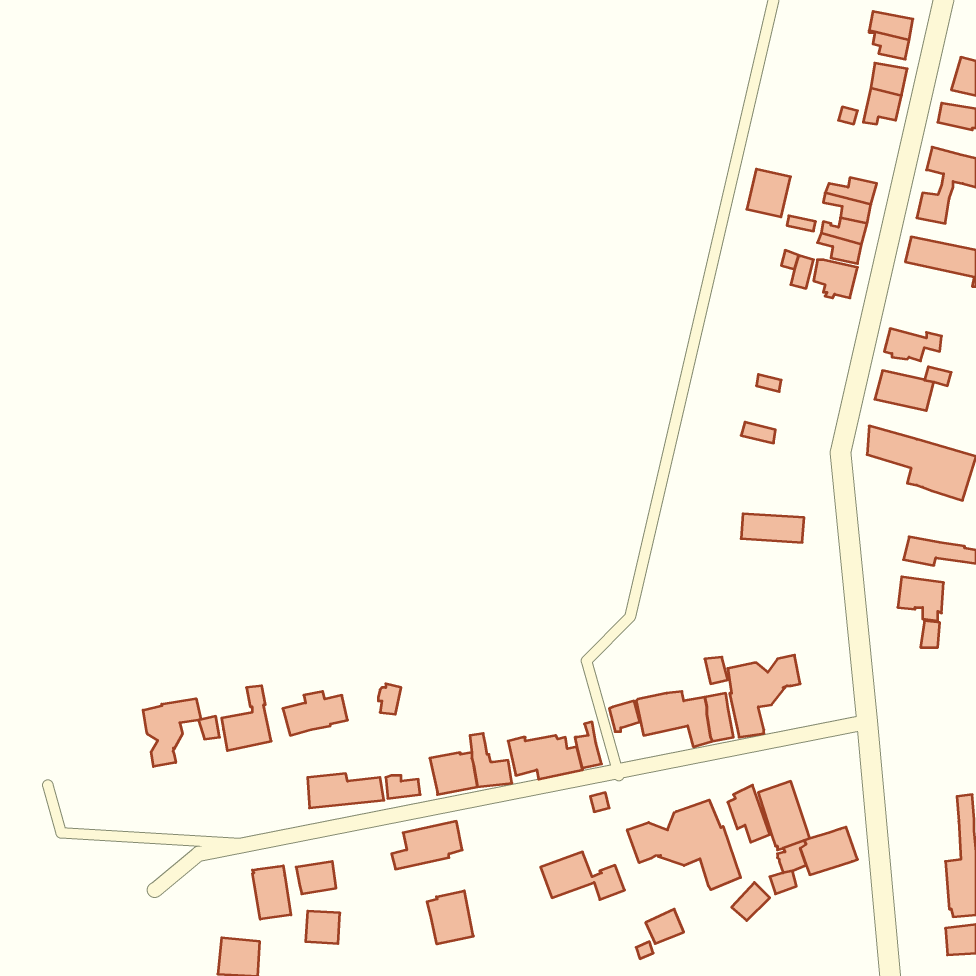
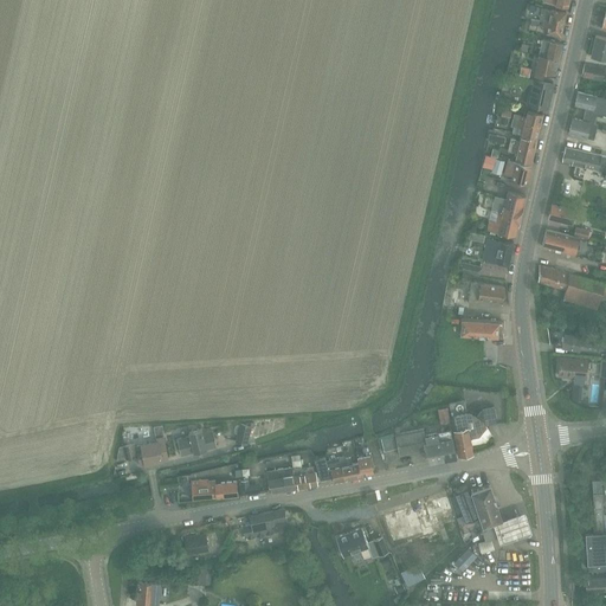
building: [747,169,791,217] -> [527,79,554,109]
building: none -> [486,192,524,237]
building: none -> [482,238,514,266]
building: none -> [453,279,504,303]
building: [143,699,201,767] -> none
building: [627,800,741,890] -> none
building: [252,866,291,919] -> none
building: [427,891,473,944] -> none

